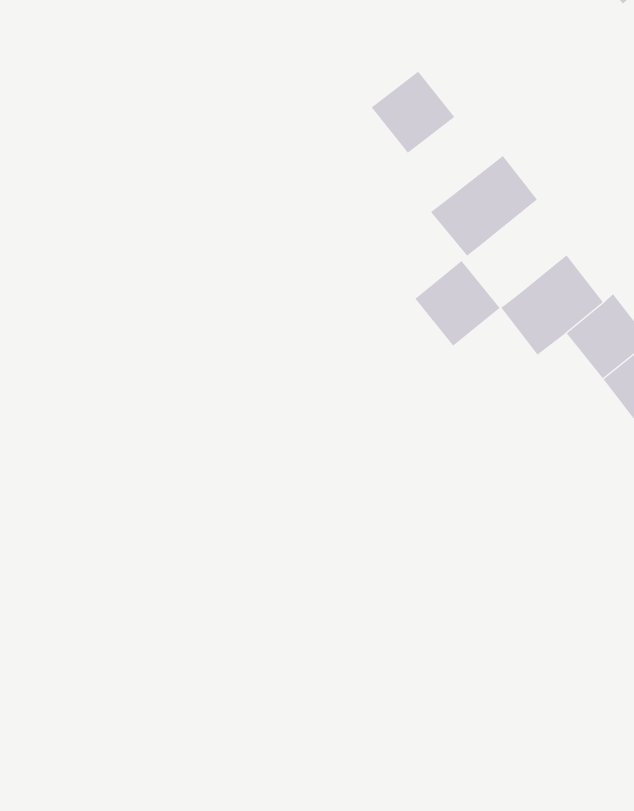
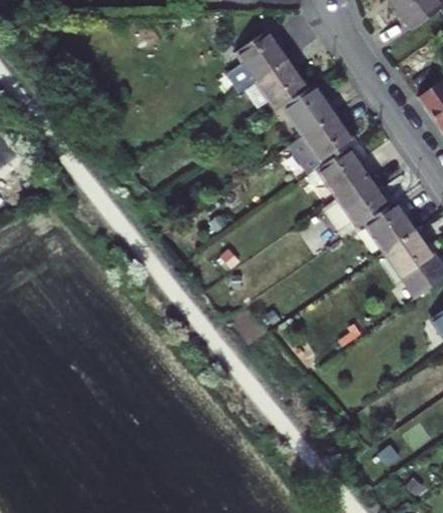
building: none -> [238,32,288,80]
building: none -> [284,84,335,135]
building: [414,260,500,346] -> [318,146,369,197]

